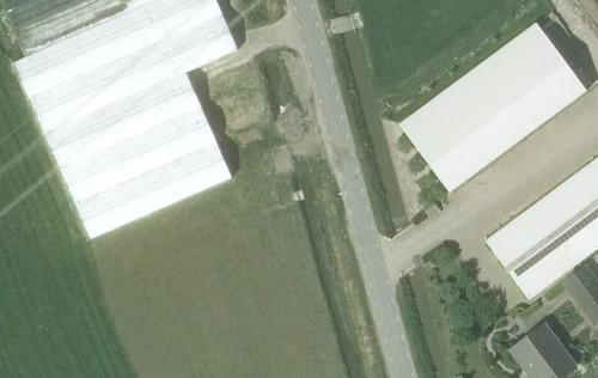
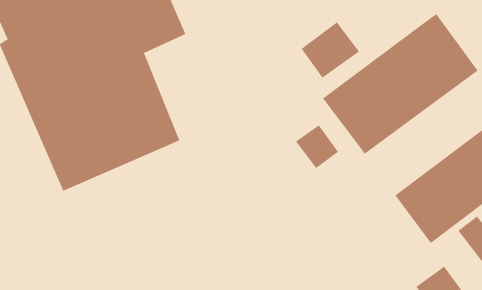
building: none -> [301,22,360,79]
building: none -> [295,125,339,169]

